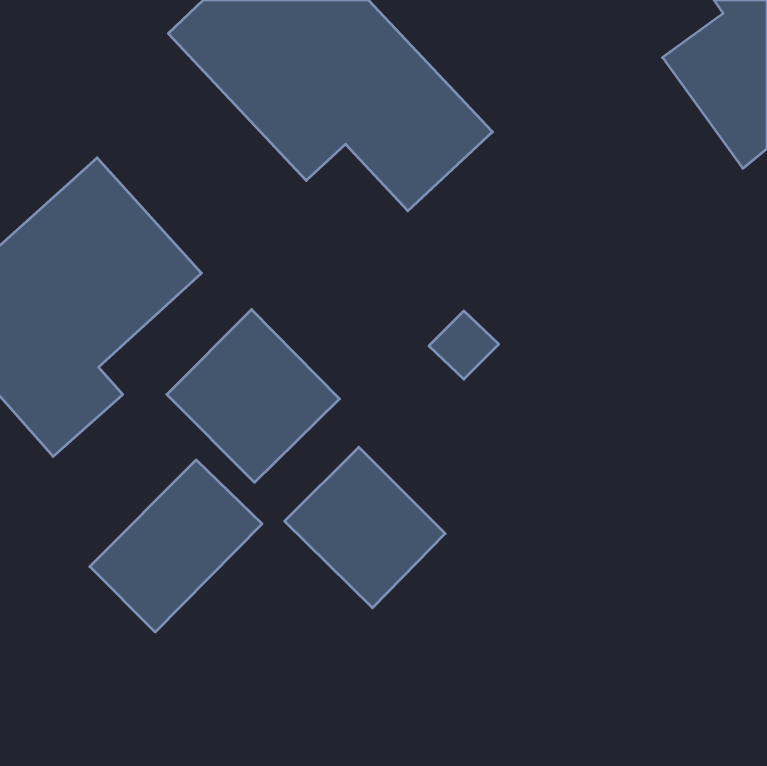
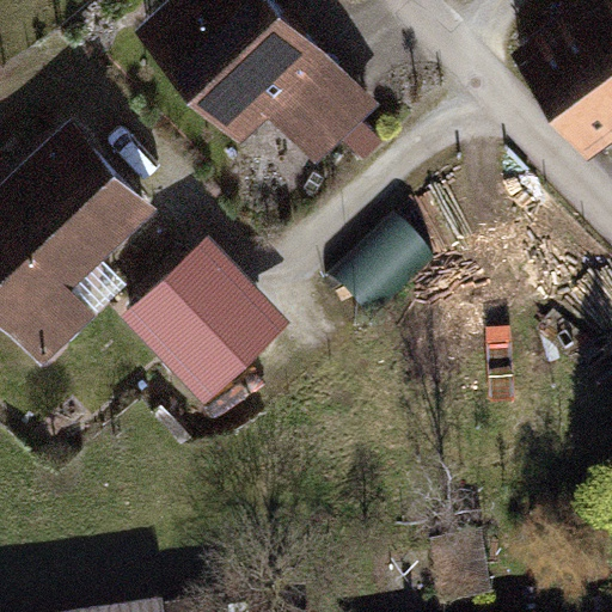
building: [285,447,445,608] -> none
building: [90,460,262,632] -> none

